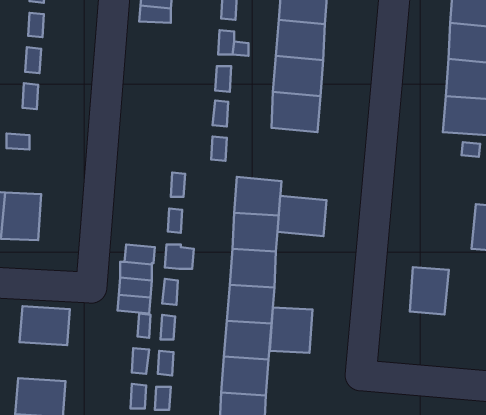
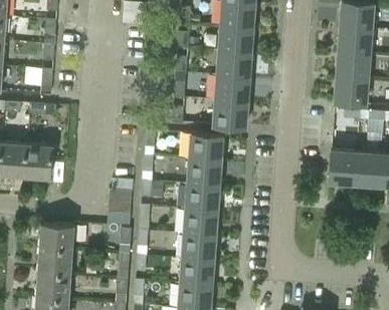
building: [277,196,326,236] -> [213,99,247,127]
building: [410,267,449,314] -> [331,150,358,184]
building: [270,307,312,353] -> none
building: none -> [38,249,72,276]

